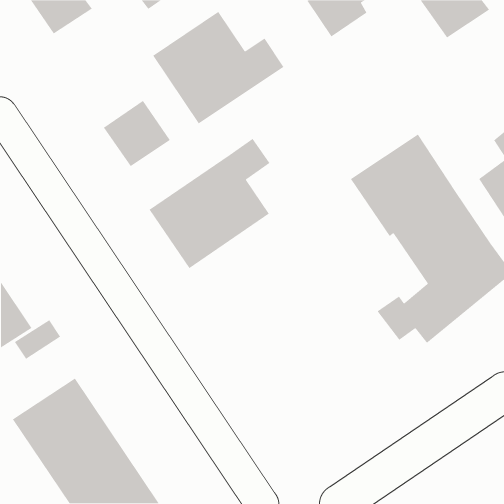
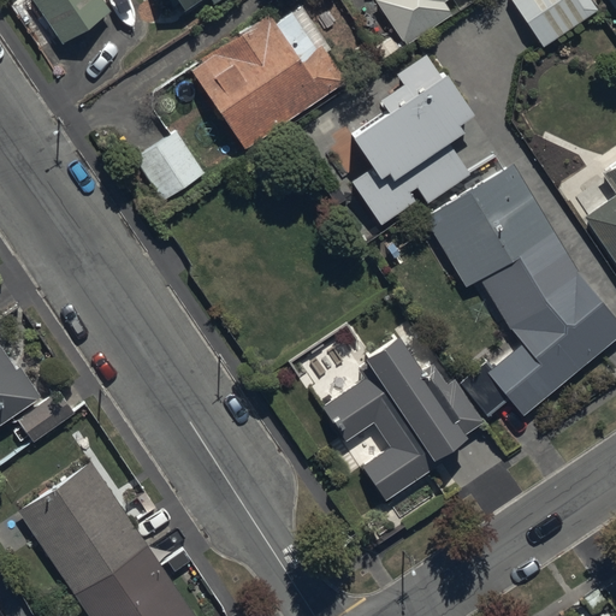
building: none -> [349,72,476,226]
building: [149,138,270,269] -> none
building: none -> [322,338,485,504]

